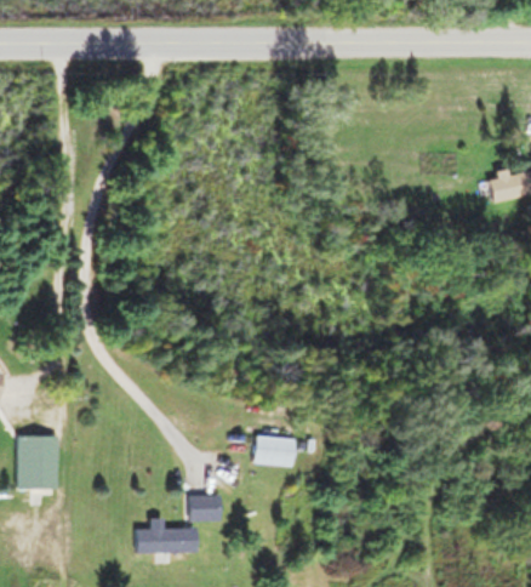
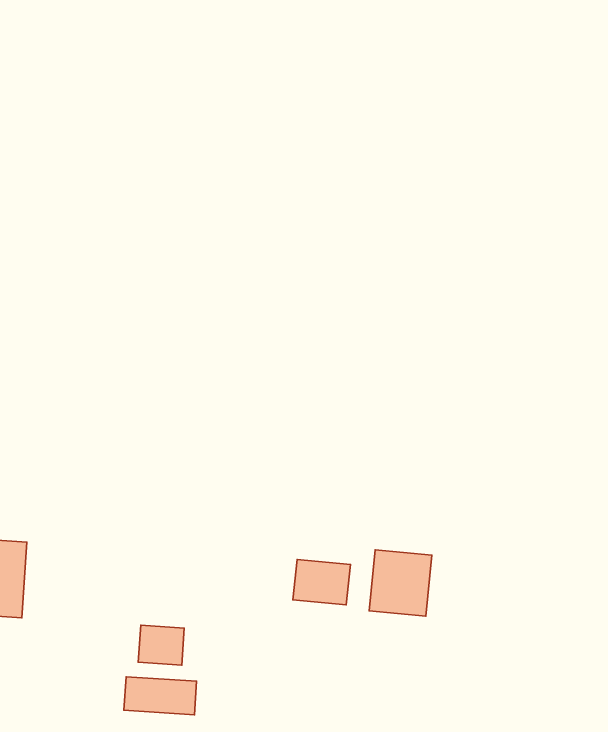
building: none -> [369,550,432,616]
building: [189,494,221,520] -> [138,625,184,665]

